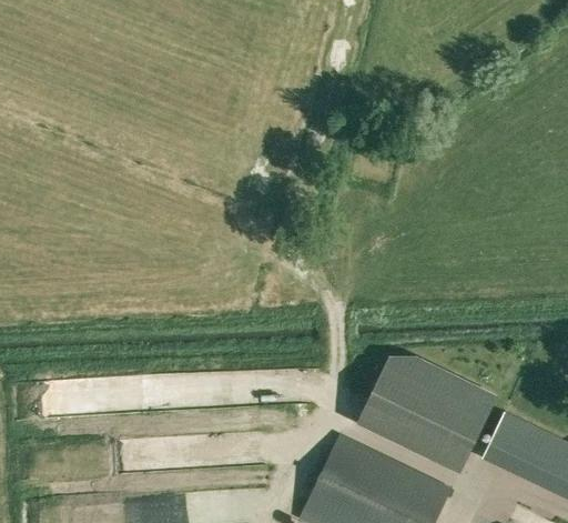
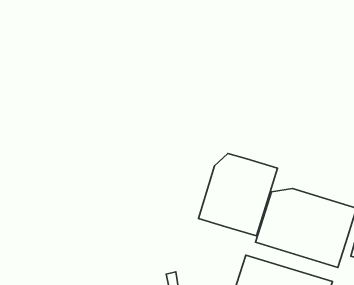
building: none -> [198,153,278,236]

